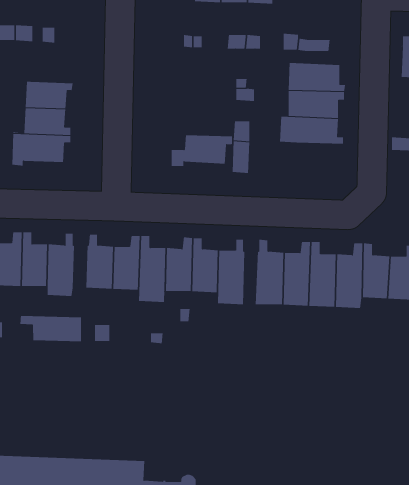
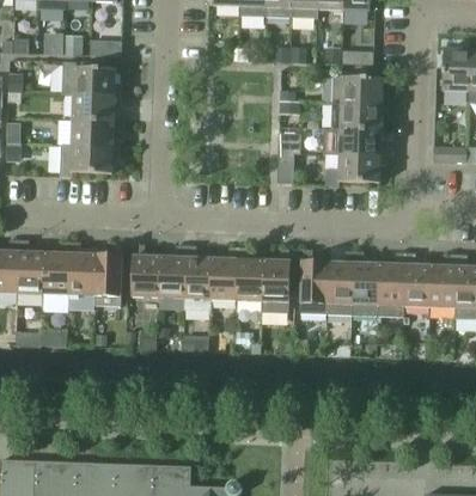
building: none -> [62,61,121,96]
building: [171,135,233,167] -> [325,154,386,185]
building: [20,315,94,343] -> none

